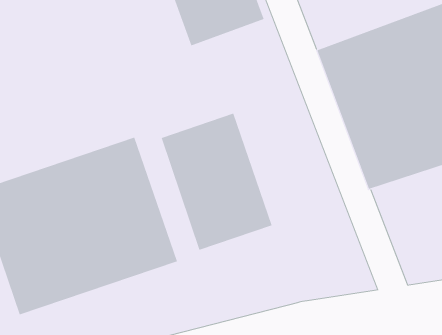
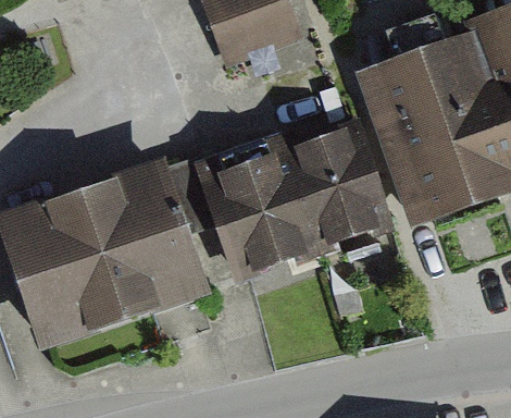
building: none -> [272,107,394,257]

